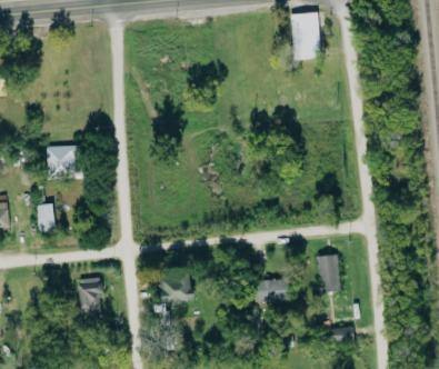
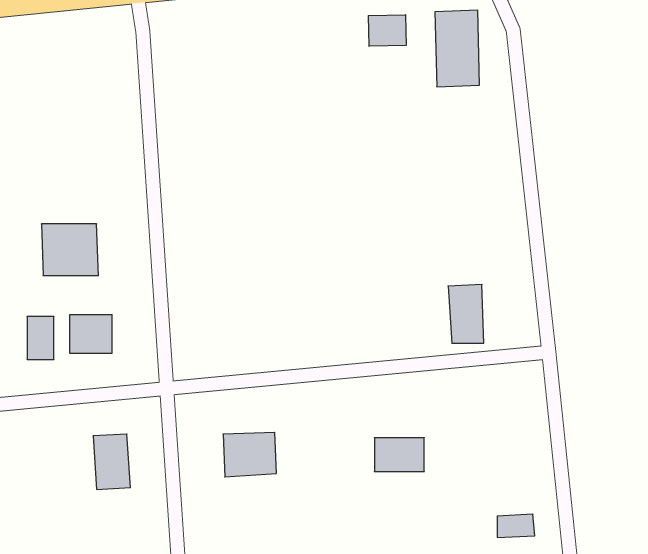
building: none -> [368,15,406,46]
building: none -> [70,315,112,353]
building: [317,255,339,291] -> [448,284,484,343]

